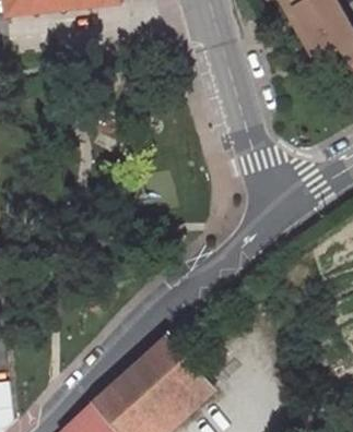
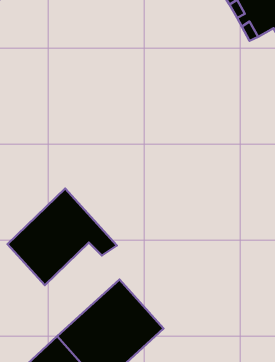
building: none -> [8,189,117,285]

